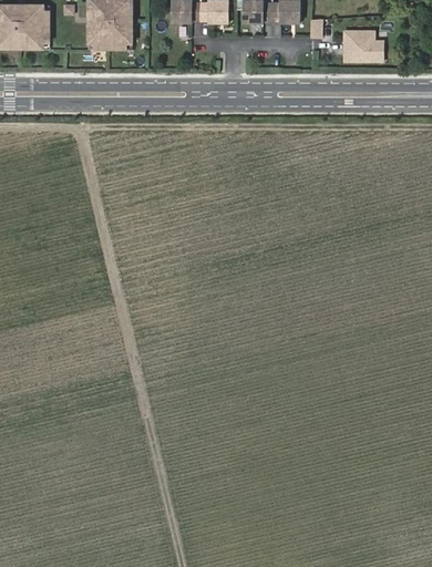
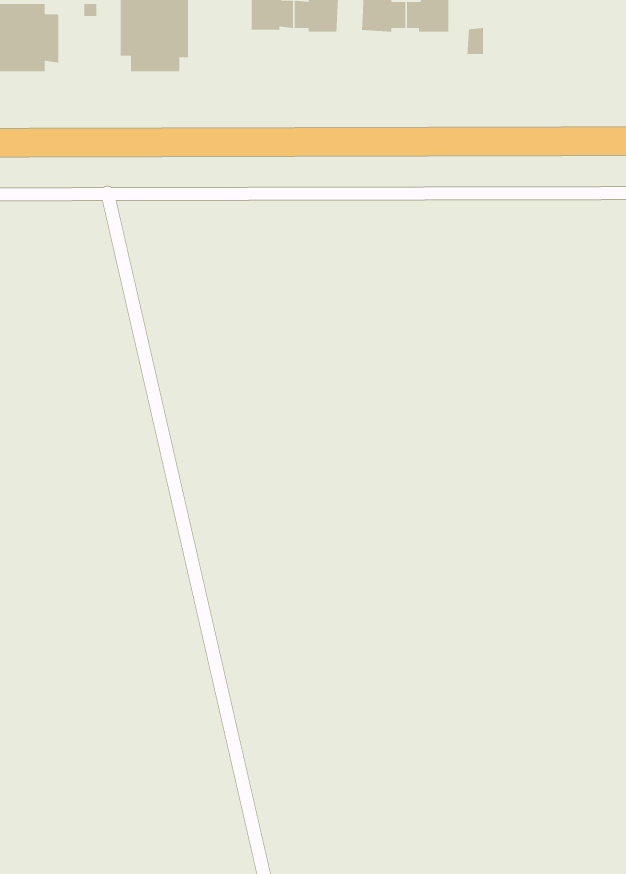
building: [343,31,382,62] -> none

